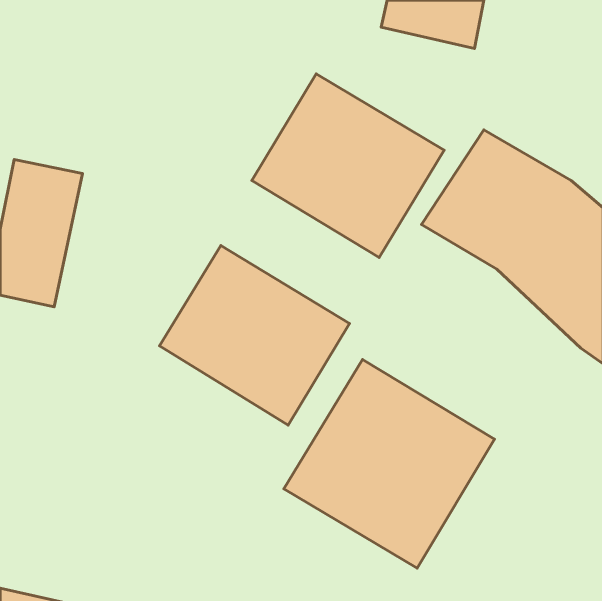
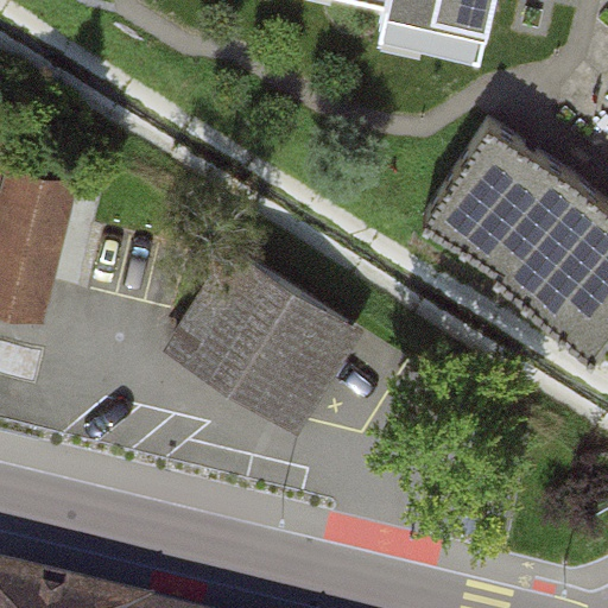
building: [252,74,444,258] -> none
building: [284,359,494,568] -> none

